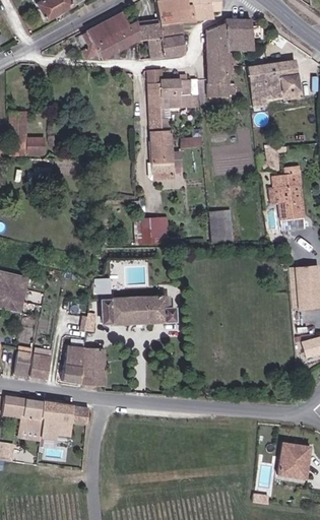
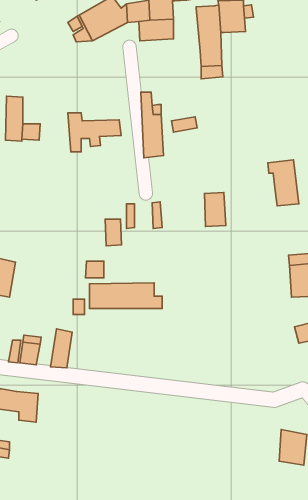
building: [248,58,299,96] -> none
building: [145,69,198,108] -> [68,113,121,152]
building: [144,217,161,244] -> [105,219,122,246]
building: [75,347,103,383] -> none
building: [45,406,76,441] -> none

